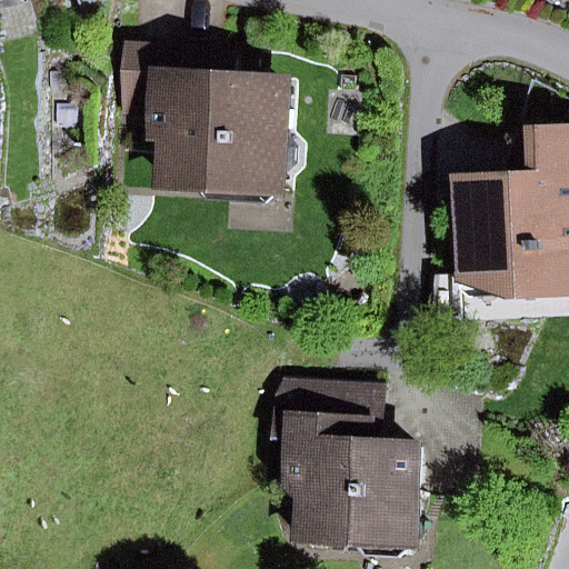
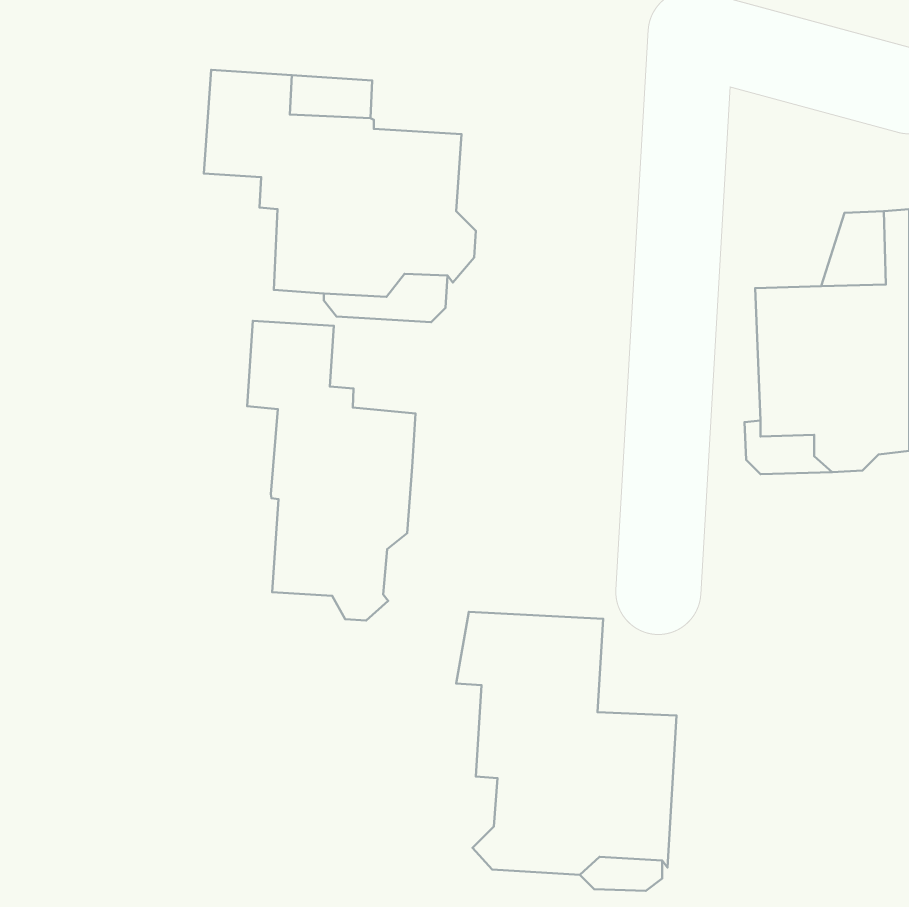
building: none -> [247,321,415,620]

